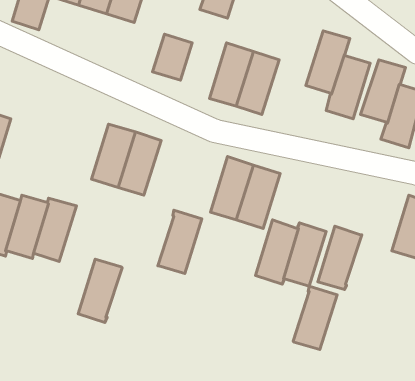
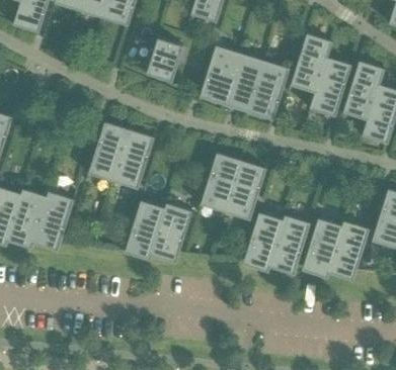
building: none -> [248,62,289,120]
building: [78,259,122,322] -> [124,201,165,261]
building: [293,286,337,350] -> [327,221,369,281]

